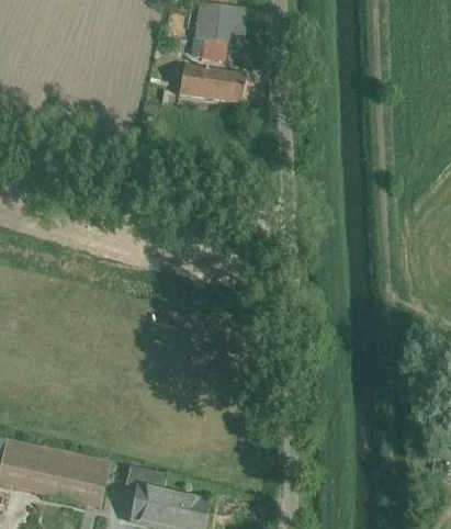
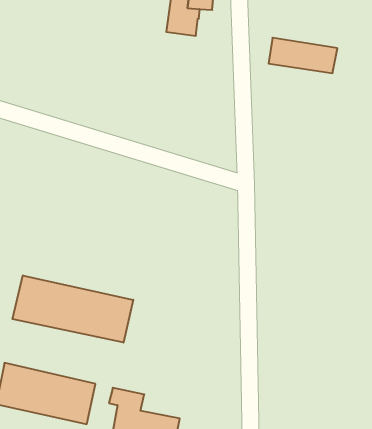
building: [179,64,258,104] -> [269,38,337,73]
building: none -> [13,275,133,343]

